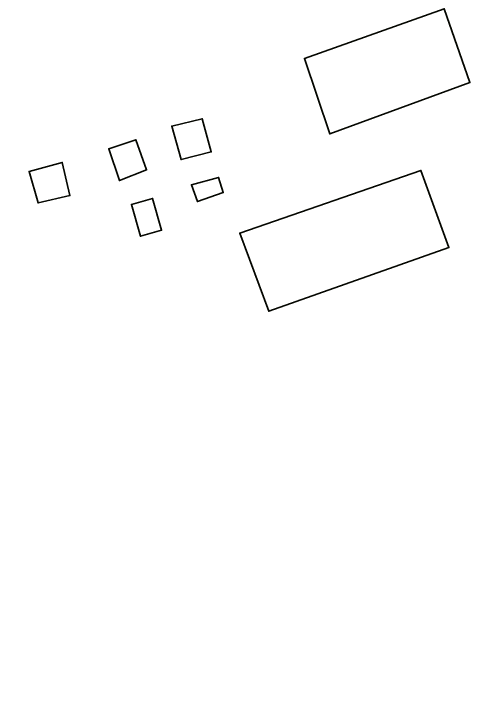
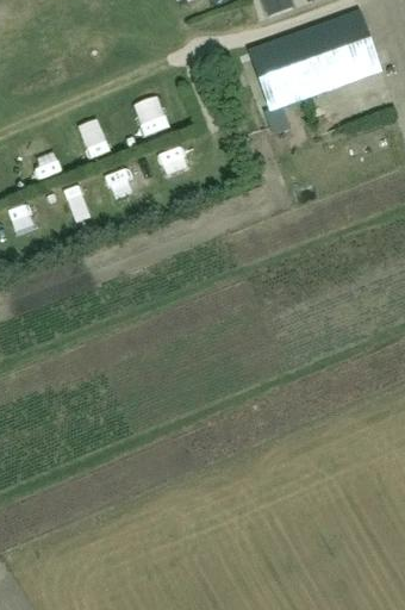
building: [240,171,449,311] -> none

